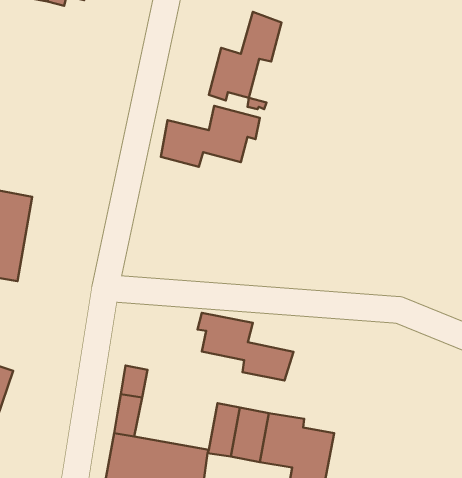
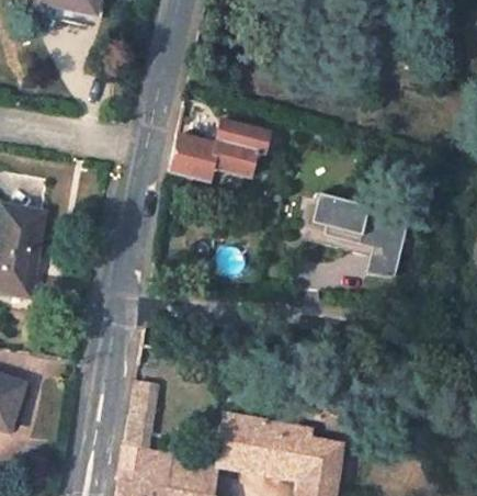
building: [209,12,282,100] -> none
building: none -> [308,193,406,277]
building: [197,313,294,380] -> none

